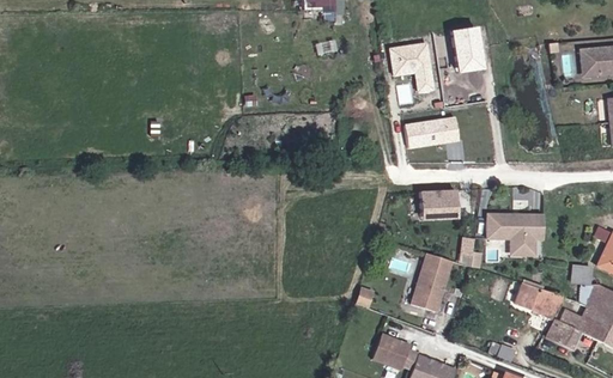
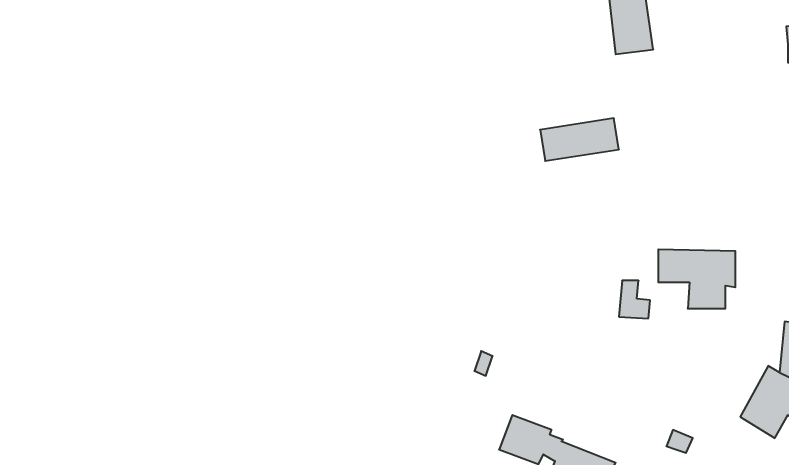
building: [390,39,436,91] -> none
building: [421,189,460,217] -> none
building: [413,251,454,310] -> none
building: [517,282,564,315] -> none

